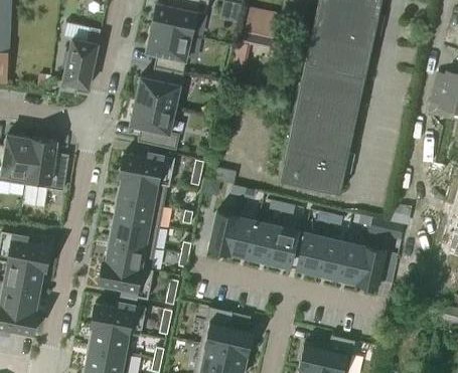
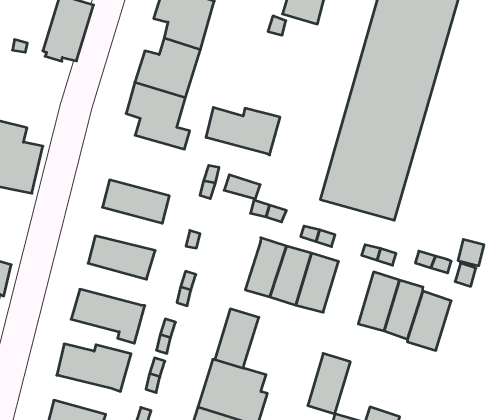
building: [120,153,175,187] -> [206,107,280,155]
building: [113,198,163,228] -> none
building: [207,211,239,255] -> [215,309,259,368]
building: [296,228,326,273] -> [308,353,350,414]
building: [105,241,154,270] -> none
building: [90,328,133,355] -> none

